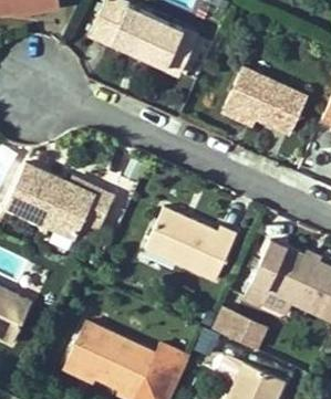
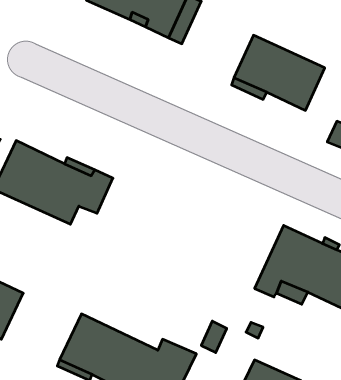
building: [139,202,235,283] -> none

